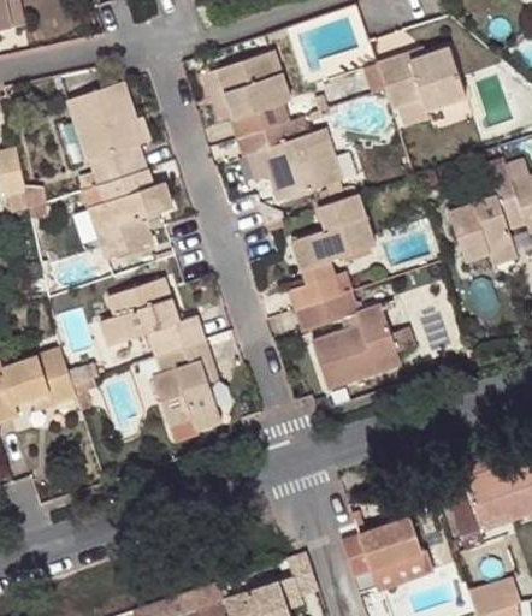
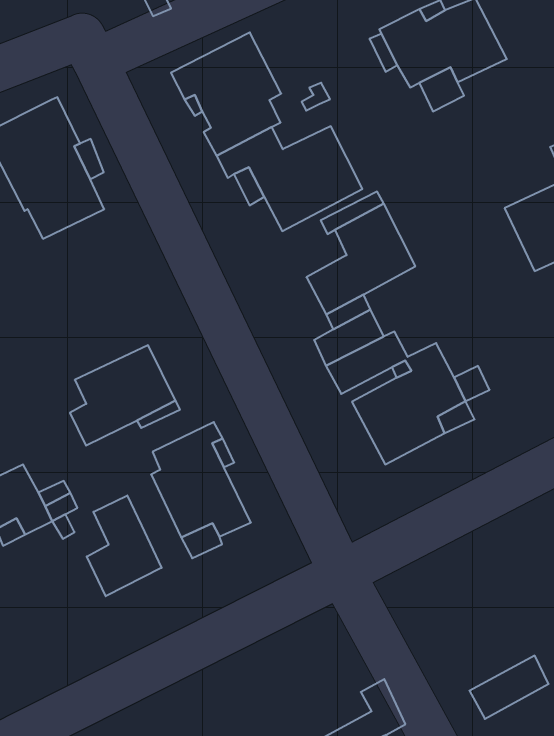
building: [85,168,171,257] -> none
building: none -> [87,495,162,596]
building: [338,509,421,578] -> none

